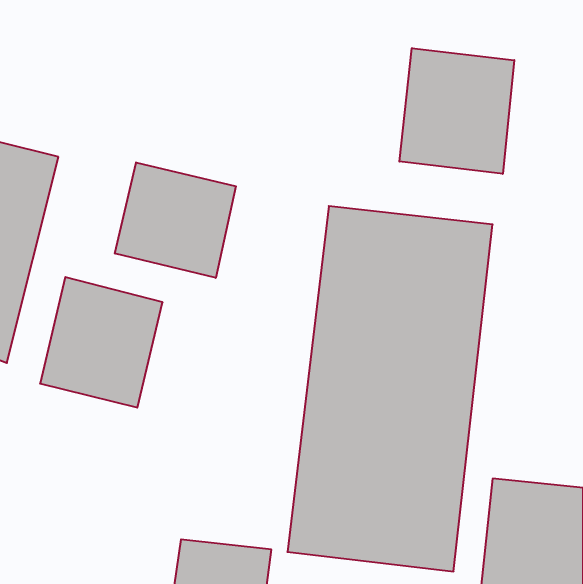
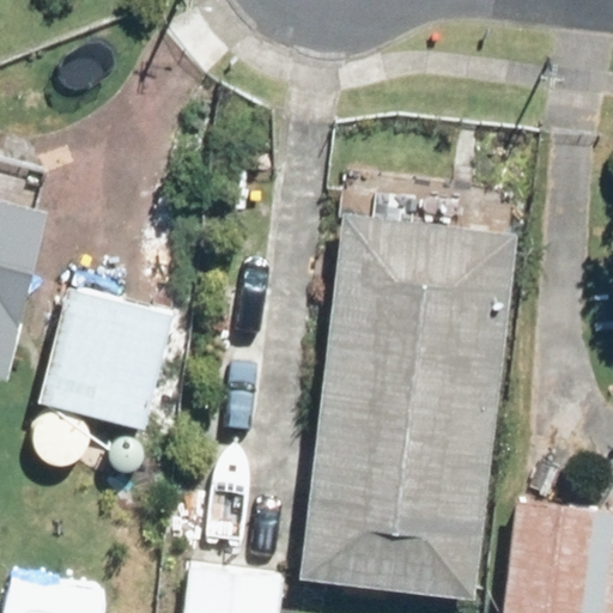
building: [399,48,514,174] -> none
building: [115,162,236,278] -> none

